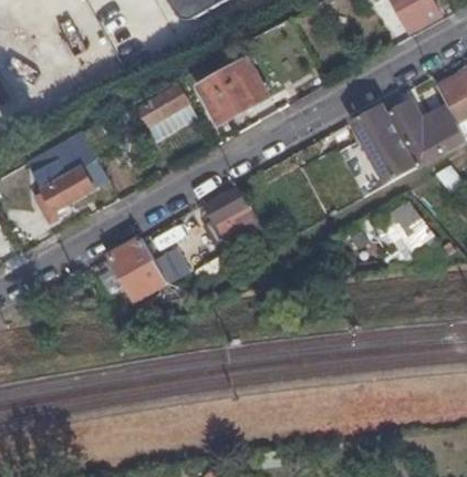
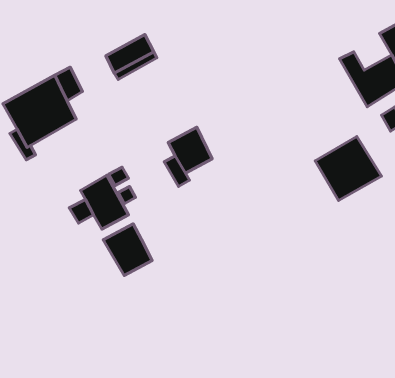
building: [199,58,269,114] -> none
building: [341,105,417,195] -> none
building: none -> [103,224,152,275]

